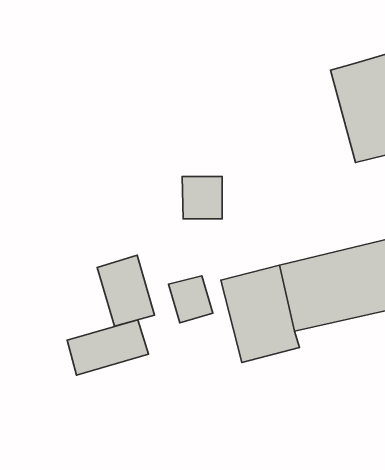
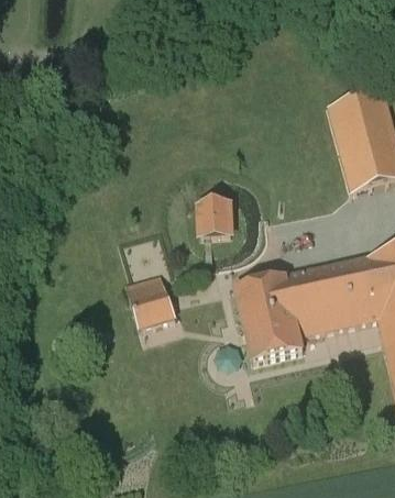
building: [169,276,213,323] -> none
building: [67,320,149,375] -> none

